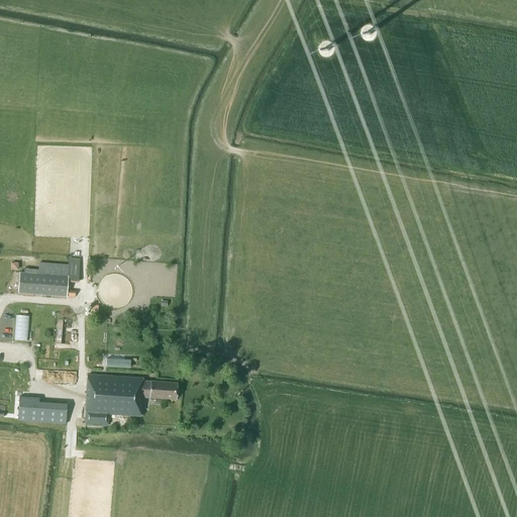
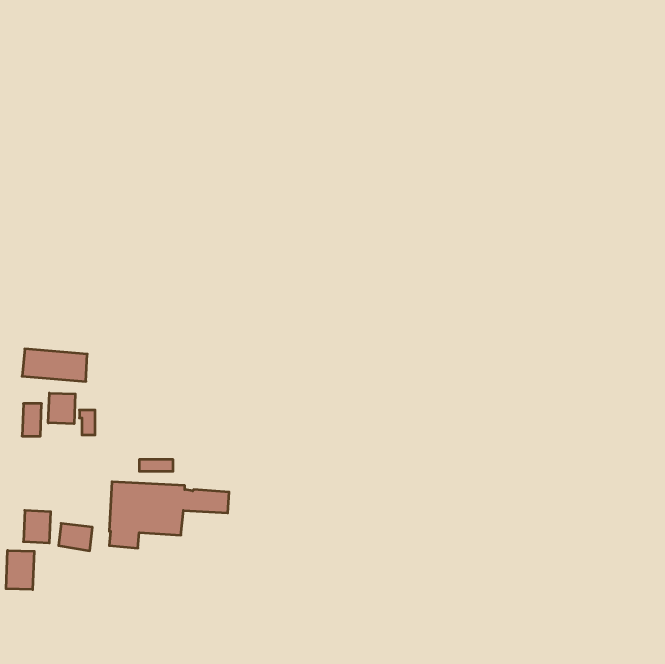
building: none -> [48,393,75,424]
building: none -> [6,550,34,590]

